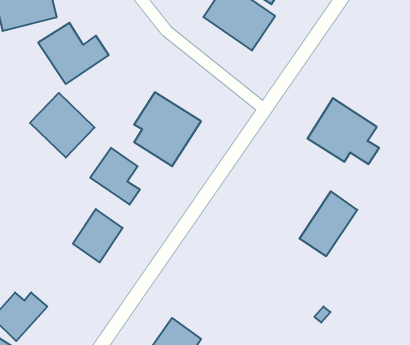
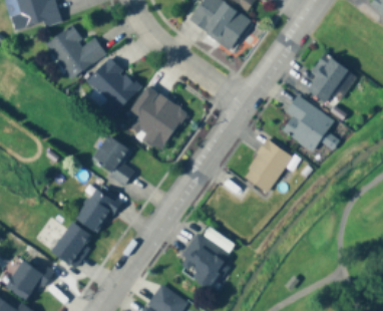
building: none -> [310,57,348,100]
building: [30,93,95,158] -> [84,58,140,114]
building: [299,191,357,256] -> [243,138,293,195]
building: none -> [51,222,94,268]
building: none -> [179,225,236,284]

